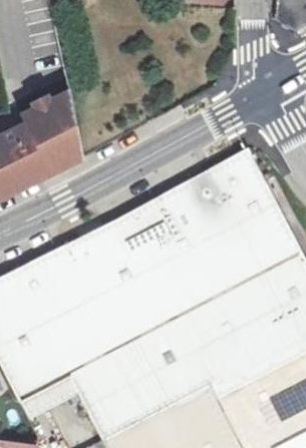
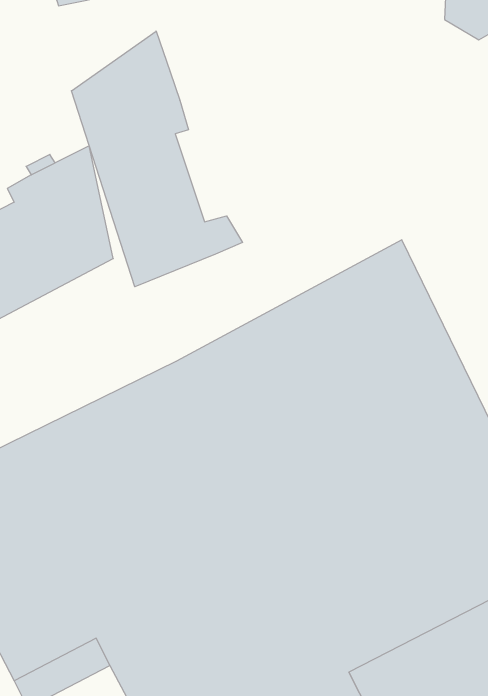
building: none -> [71,31,243,287]

